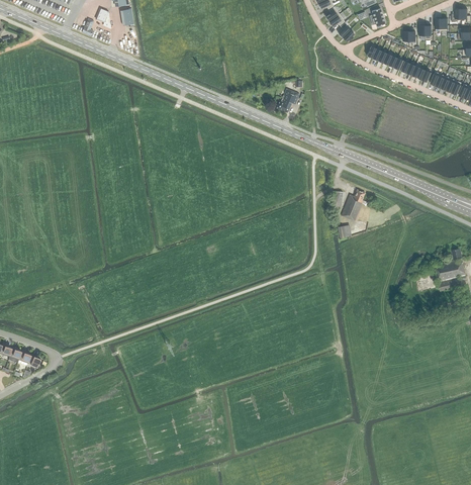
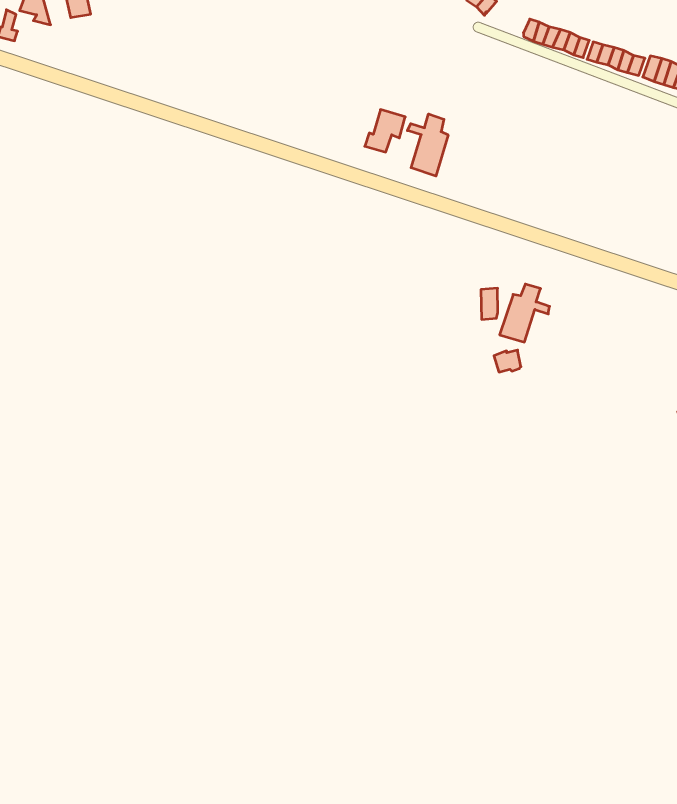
building: none -> [407,114,448,176]

